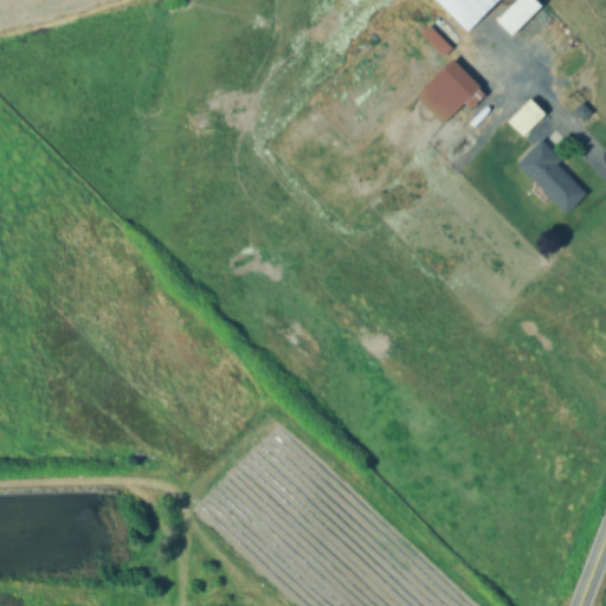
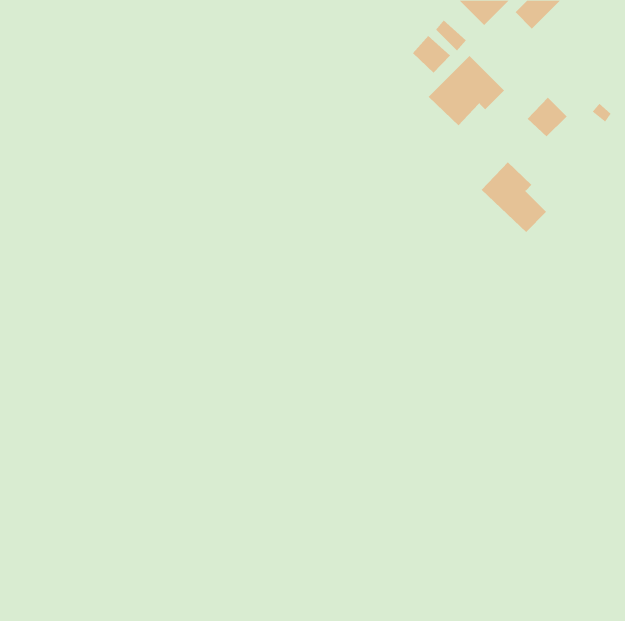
building: none -> [412,35,451,73]
building: [516,137,580,206] -> [481,162,547,233]

